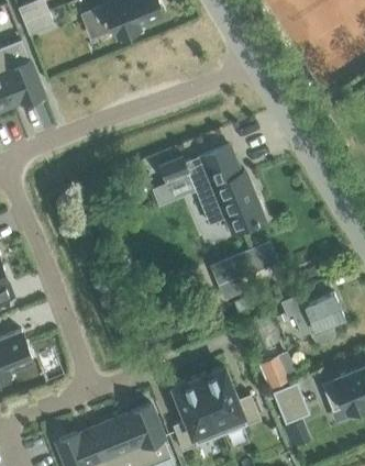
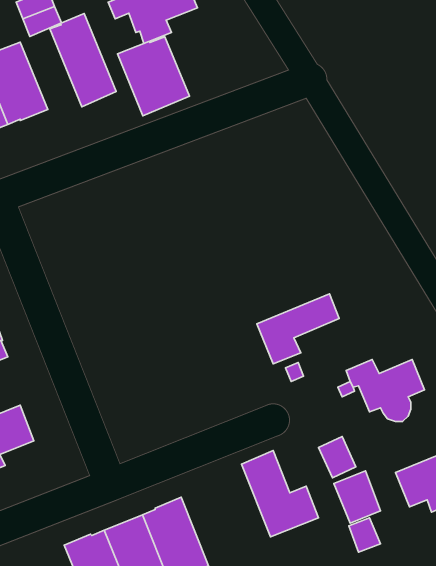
building: none -> [50,13,116,107]
building: none -> [118,37,189,116]
building: [158,147,265,234] -> none
building: [173,378,222,452] -> none

